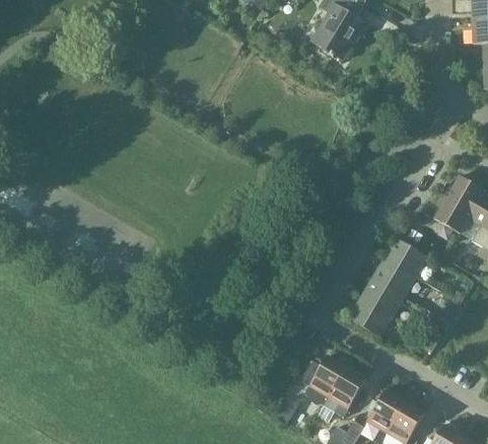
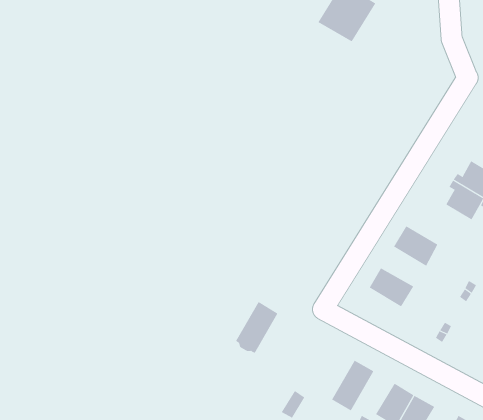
building: [371,257,416,296] -> none
building: [348,297,392,337] -> none
building: [304,355,346,405] -> [235,301,278,353]

